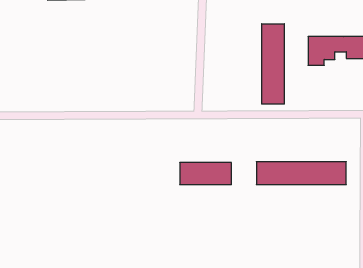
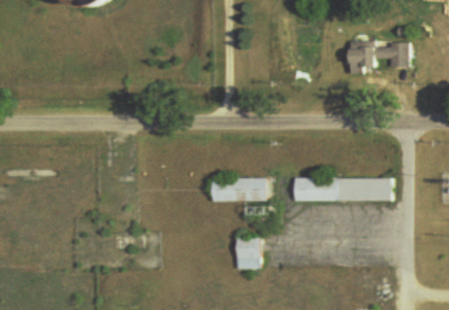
building: [262,24,284,104] -> none
building: none -> [234,237,258,269]

